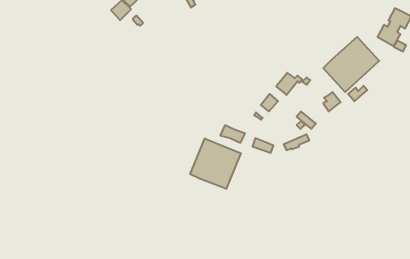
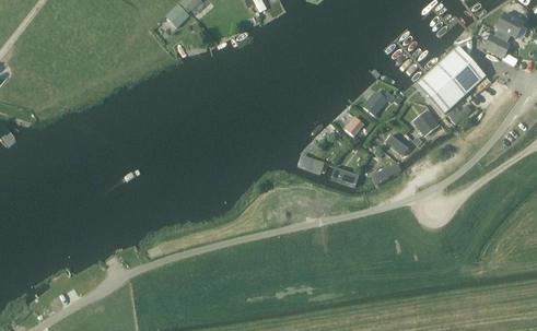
building: [190,138,241,189] -> none

